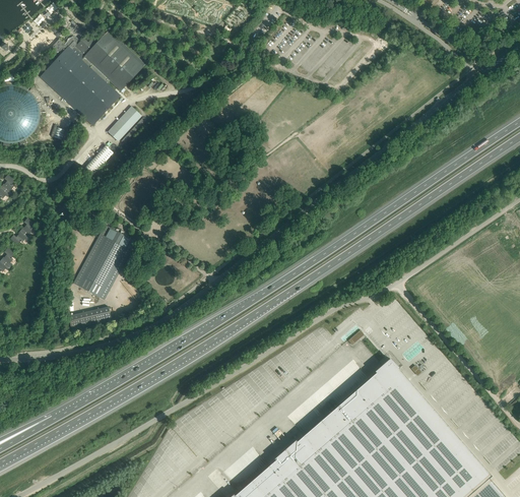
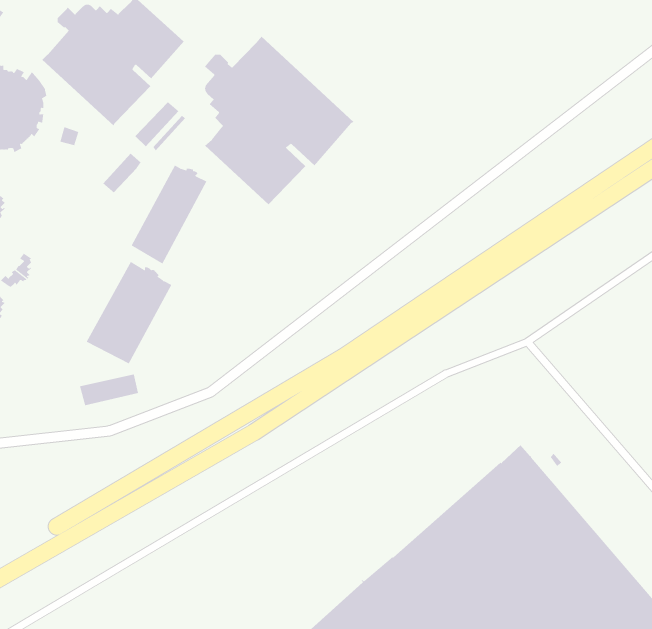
building: none -> [204,36,355,205]
building: none -> [131,164,207,264]

